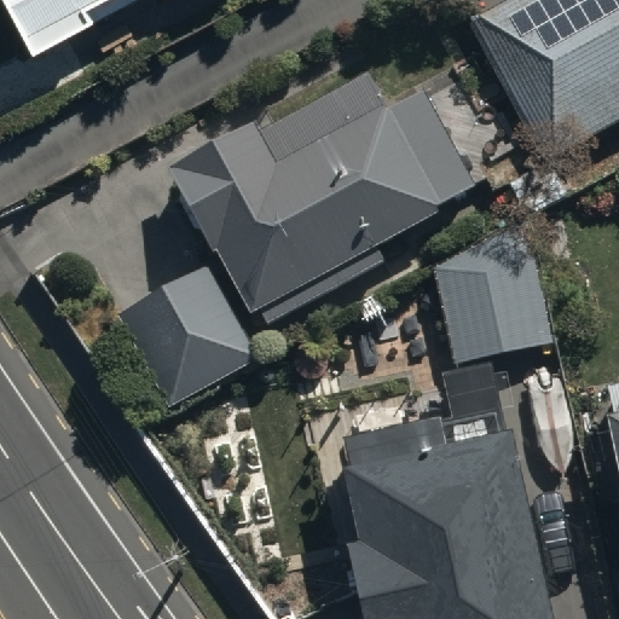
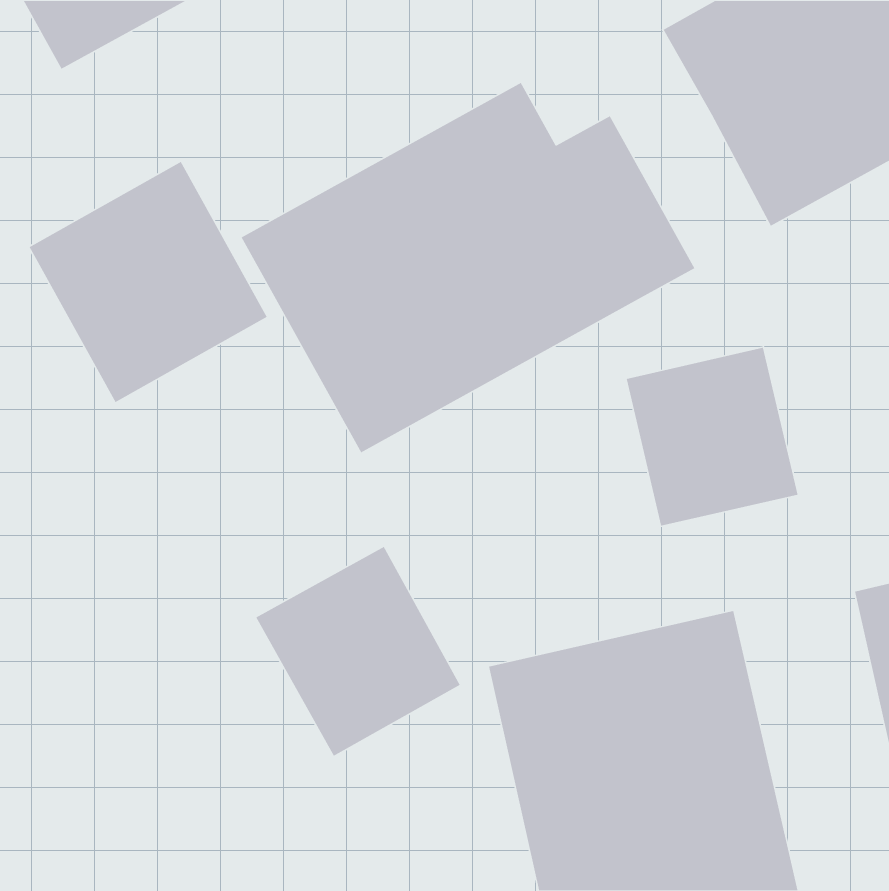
building: none -> [29,161,268,403]
building: [117,259,260,405] -> [255,546,461,757]

